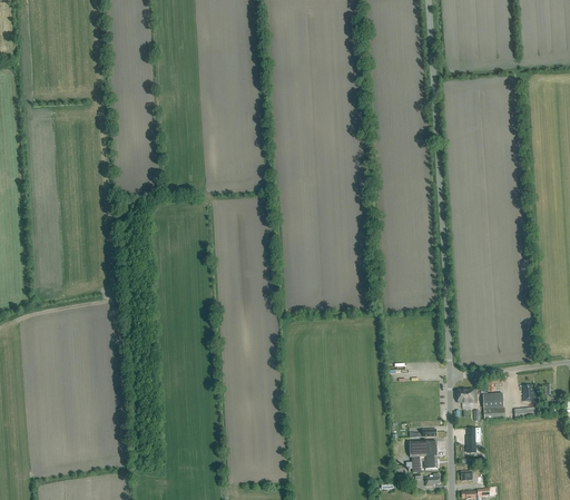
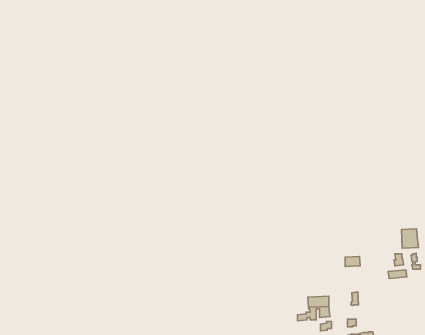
building: [483,393,505,419] -> [401,229,418,248]

